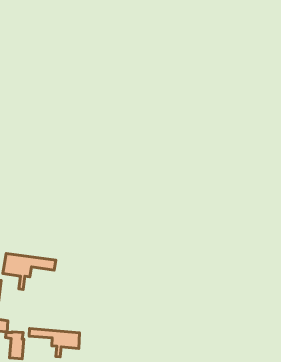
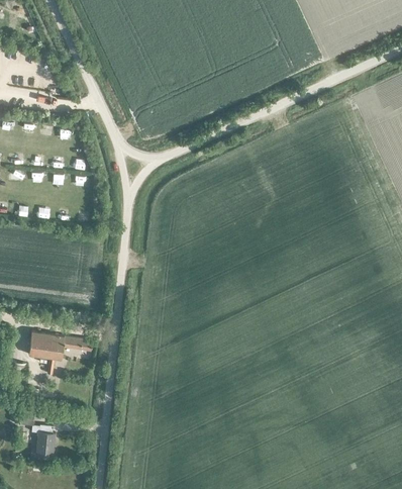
building: [29,328,80,357] -> none

